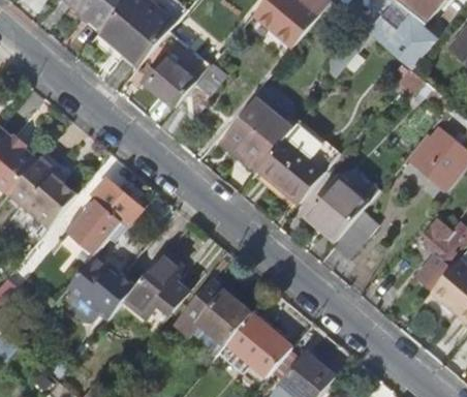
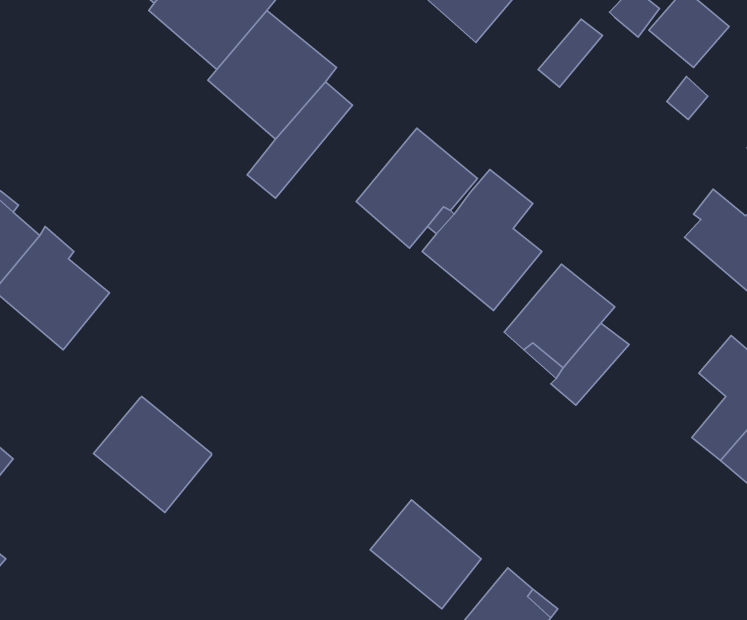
building: [67,177,142,254] -> none
building: [134,252,191,315] -> none
building: [175,279,250,344] -> none

